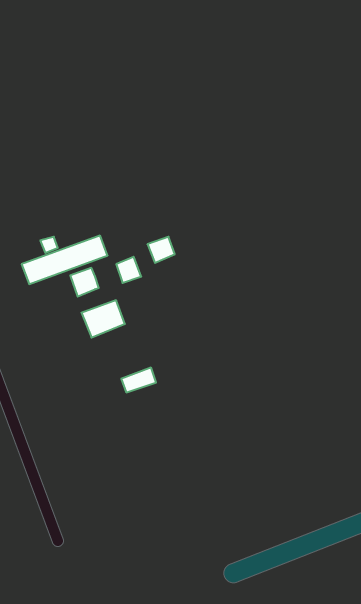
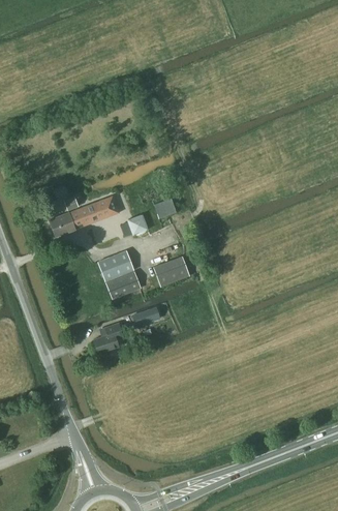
building: none -> [153,255,190,289]
building: none -> [105,271,141,300]
building: none -> [93,324,123,355]

